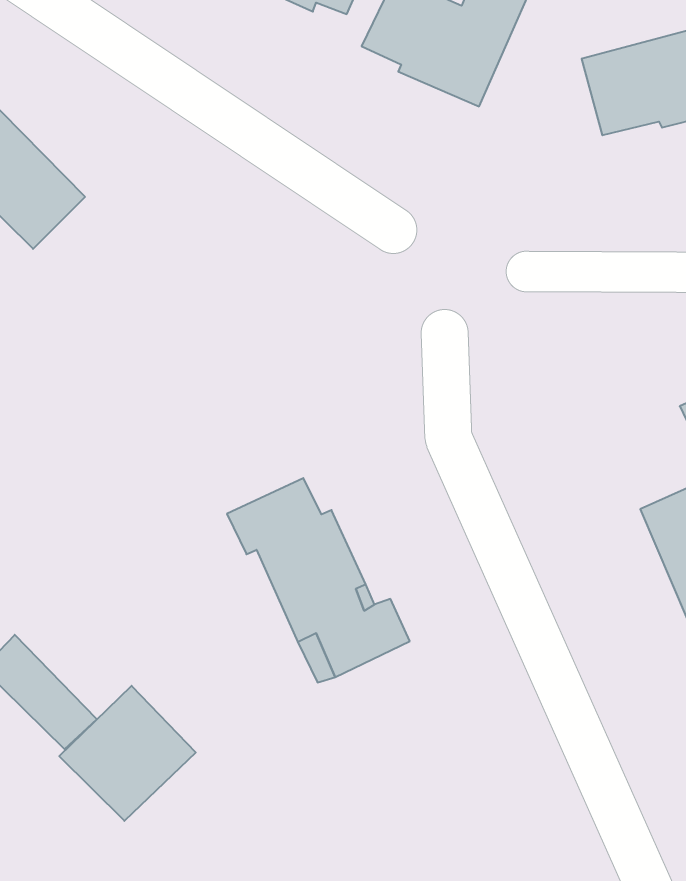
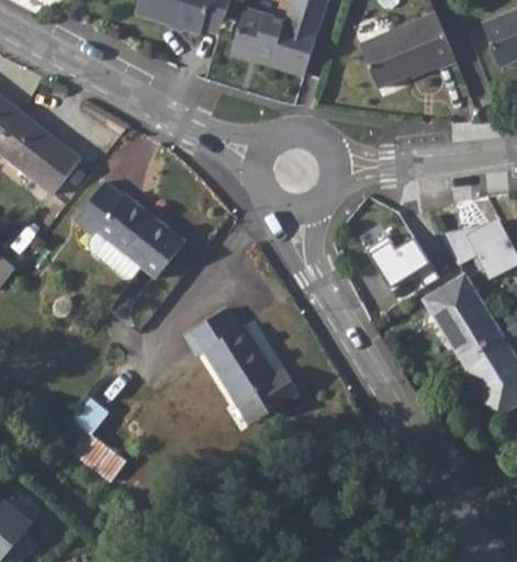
building: none -> [76,179,186,279]
building: none -> [368,236,440,289]
building: [59,686,196,821] -> none

